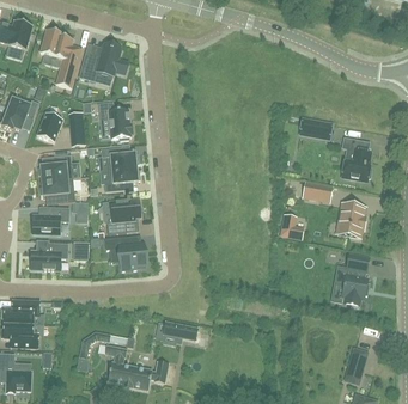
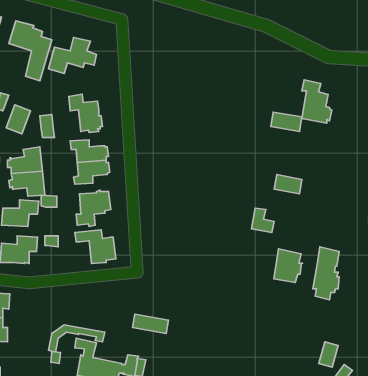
building: [341,136,371,179] -> [302,80,332,123]
building: [336,202,365,235] -> [274,249,303,283]

